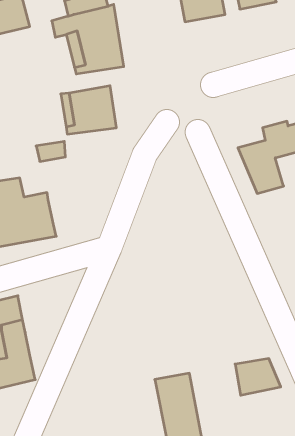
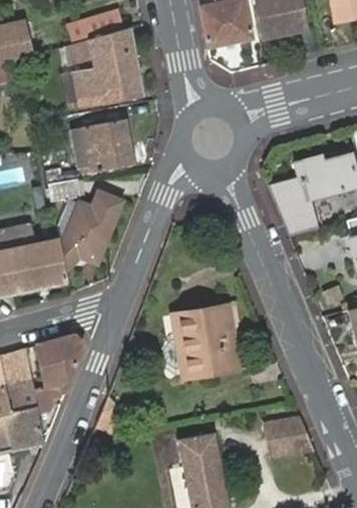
building: none -> [58,194,118,271]
building: none -> [176,305,239,374]
building: none -> [33,336,82,414]

